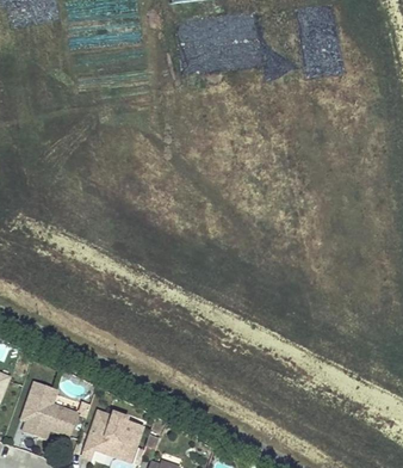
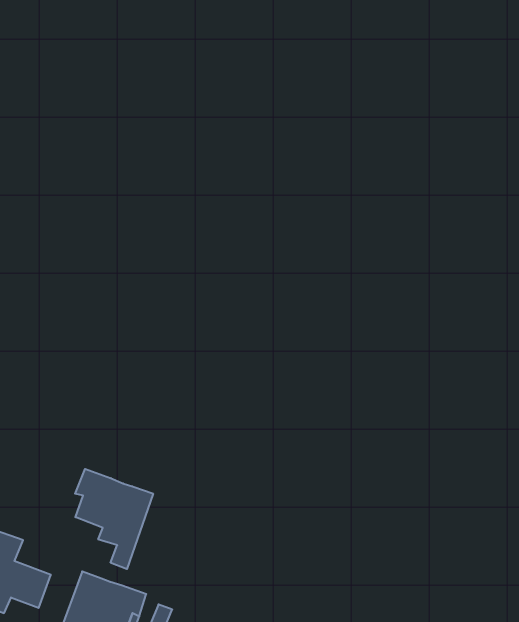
building: none -> [75,469,153,569]

